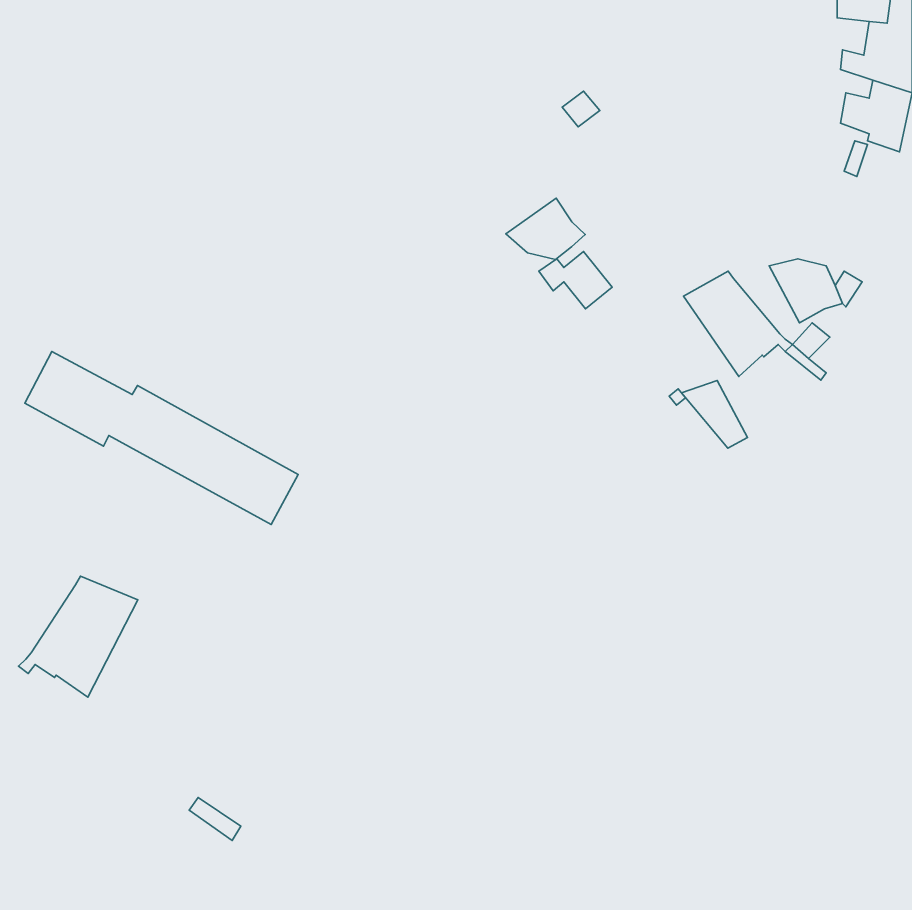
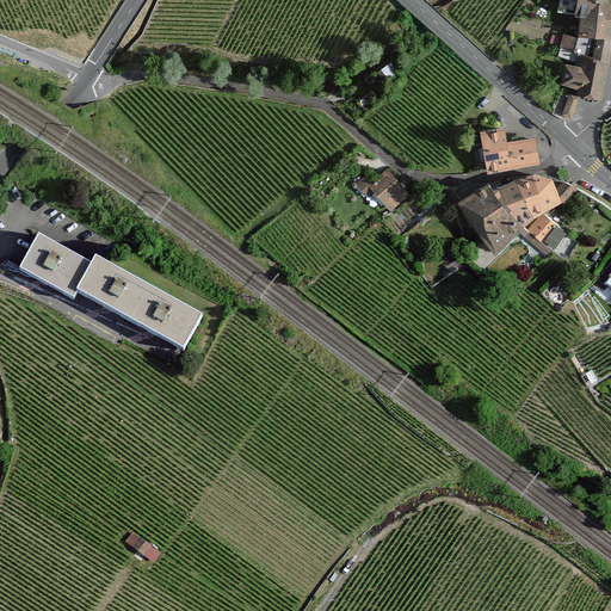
building: none -> [480,125,538,168]
building: [506,198,585,260] -> none
building: [681,380,747,448] -> [490,178,535,223]
building: [18,576,138,697] -> none

